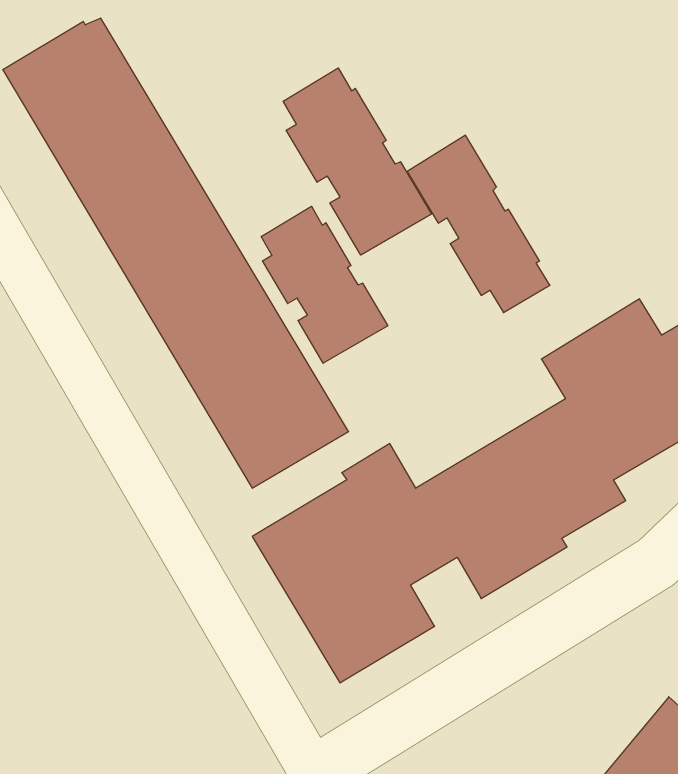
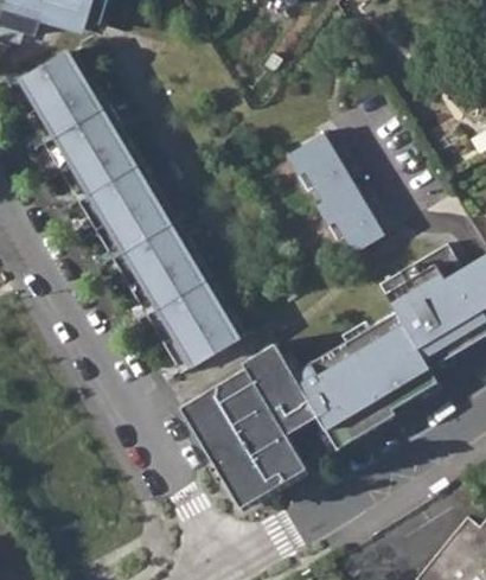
building: [283,68,431,255] -> none
building: [261,206,388,363] -> none

